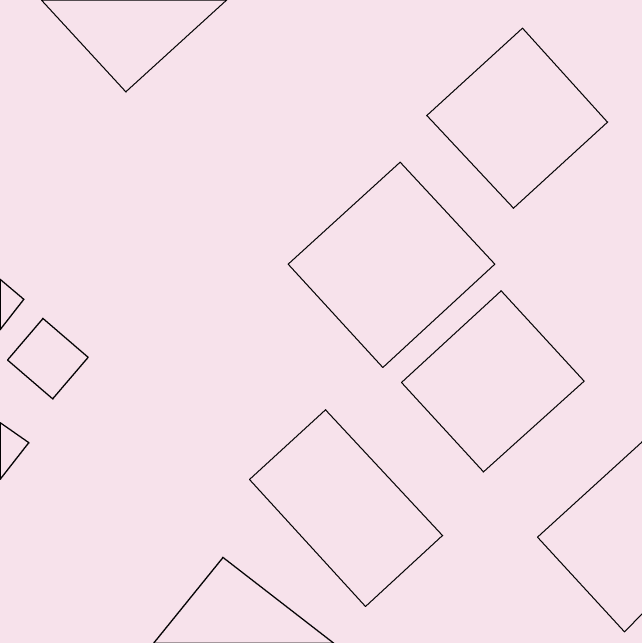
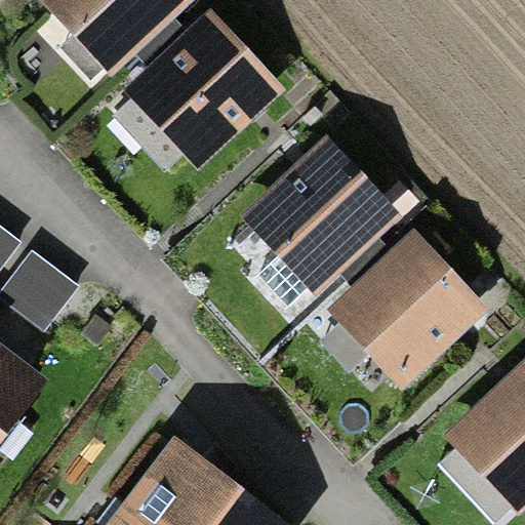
building: none -> [122,10,278,165]
building: [427,28,608,208] -> none
building: [250,410,443,606] -> none

